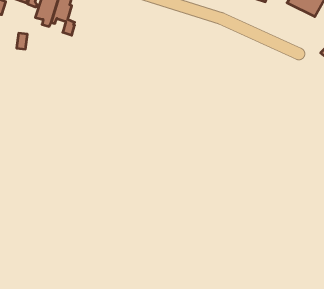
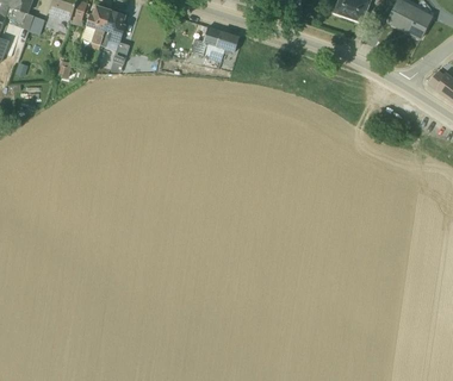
building: none -> [191,27,238,61]

